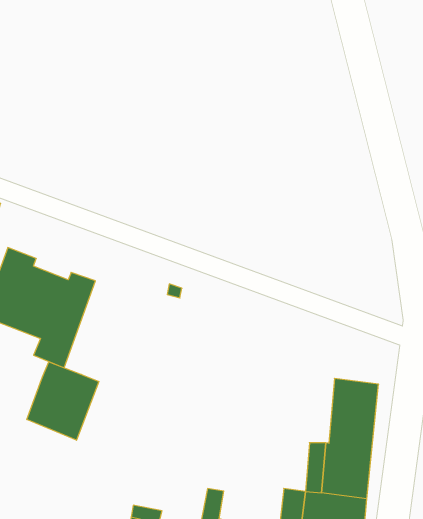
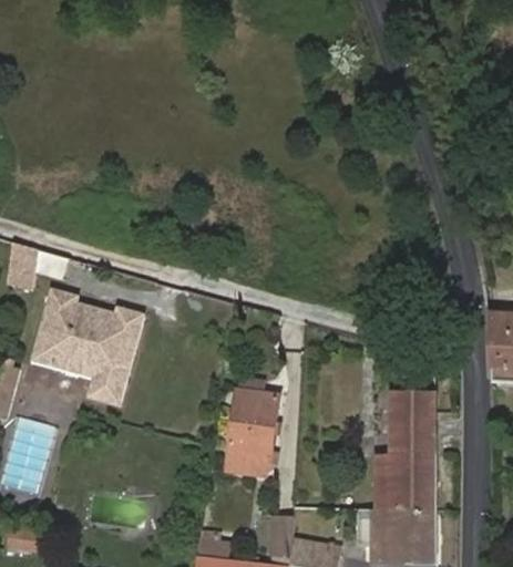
building: none -> [229,389,275,471]
building: [27,362,99,440] -> none

